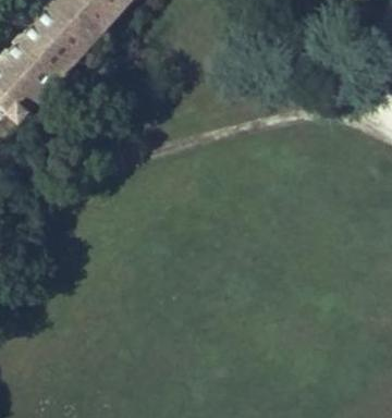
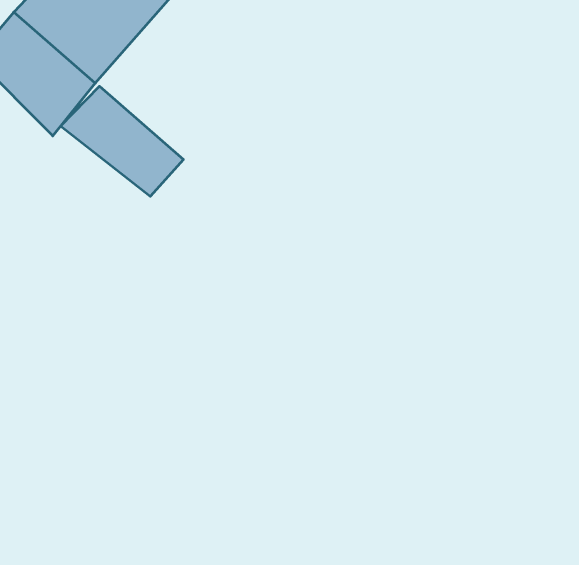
building: none -> [61,86,183,196]

